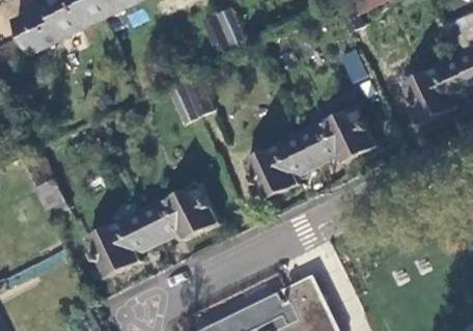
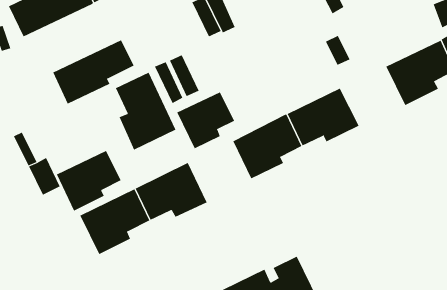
building: none -> [53,39,135,105]
building: none -> [115,72,176,151]
building: none -> [176,92,235,149]
building: none -> [56,150,121,211]

